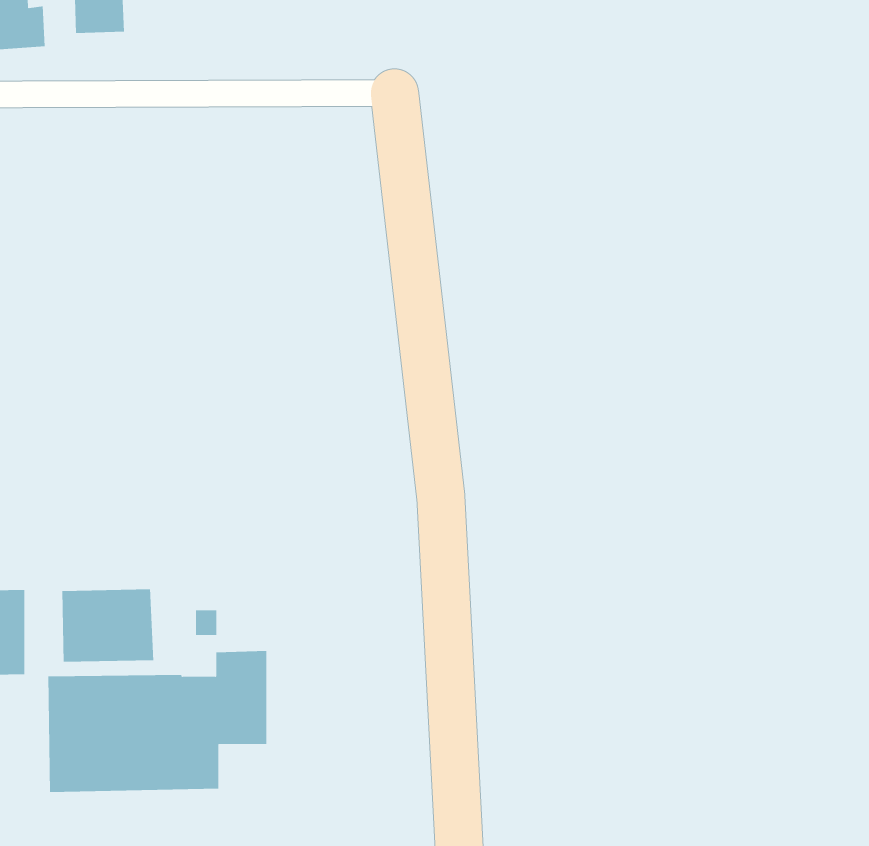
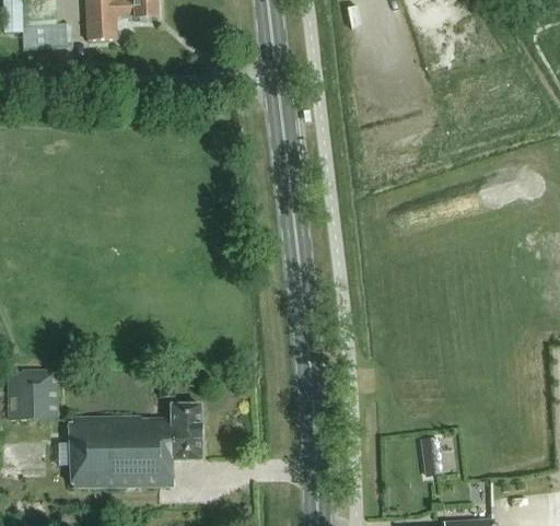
building: [62,589,154,663] -> none
building: none -> [420,435,443,476]

